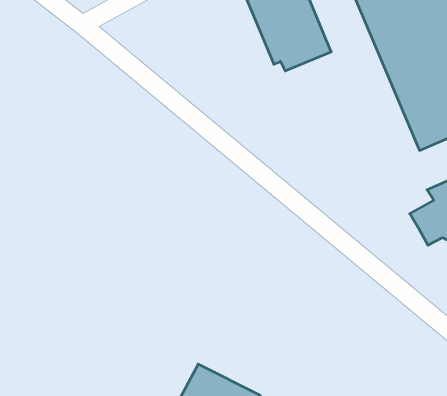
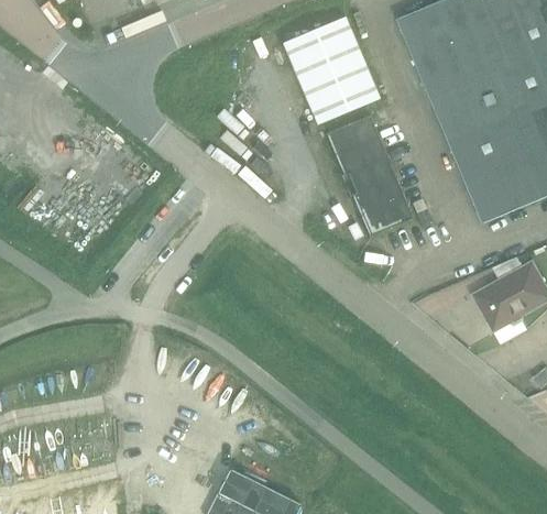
building: none -> [325,114,412,236]

